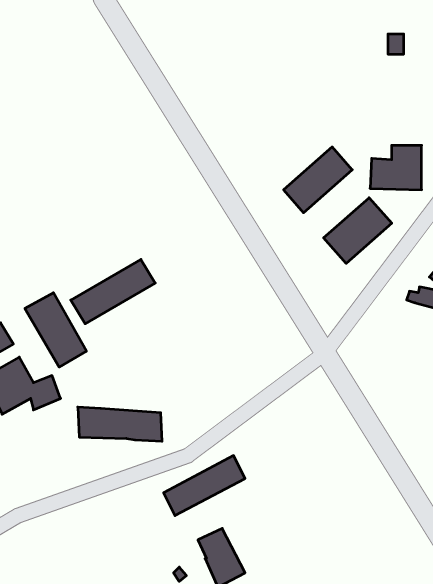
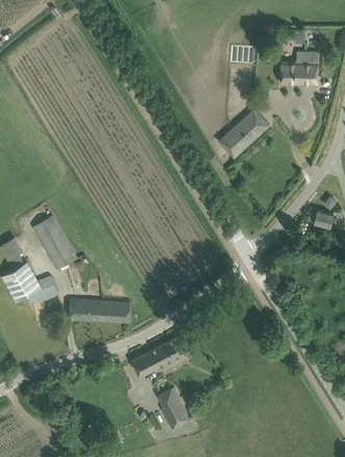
building: [370,145,422,190] -> [281,52,318,84]
building: [324,198,392,263] -> none
building: [71,259,155,324] -> none

